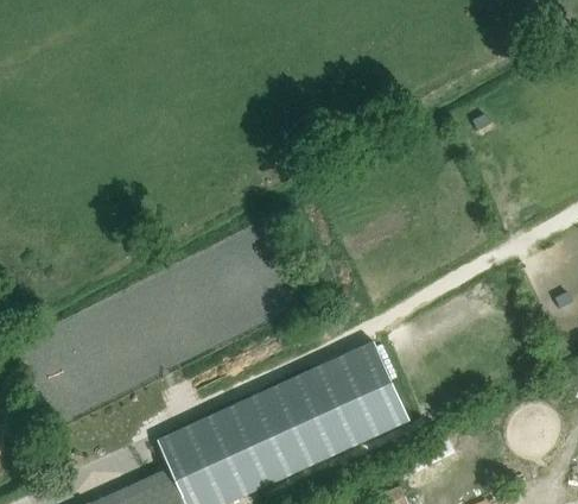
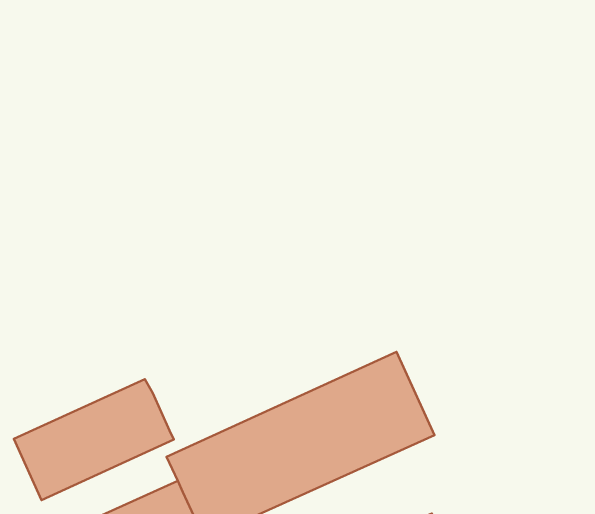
building: none -> [14,379,174,500]

